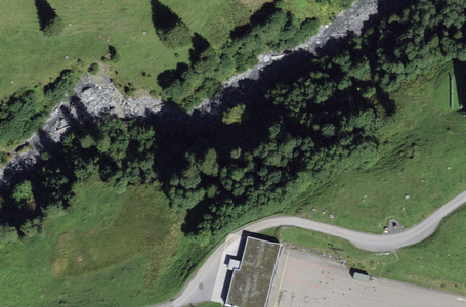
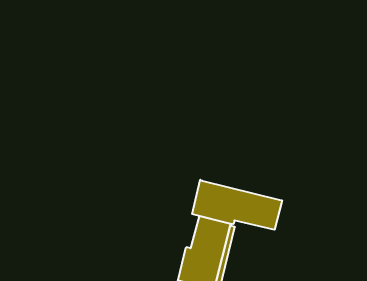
building: none -> [192,180,282,230]

